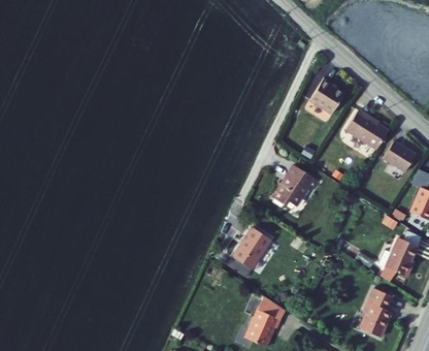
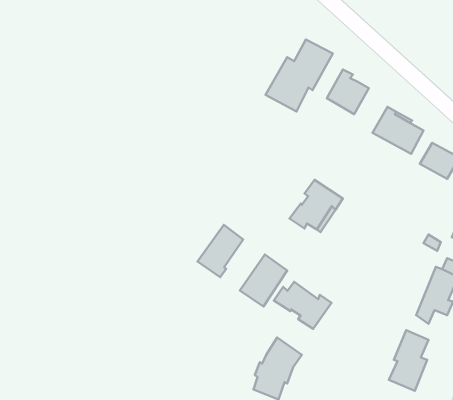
building: none -> [266,40,333,111]
building: none -> [198,225,243,277]
building: none -> [274,282,332,329]

